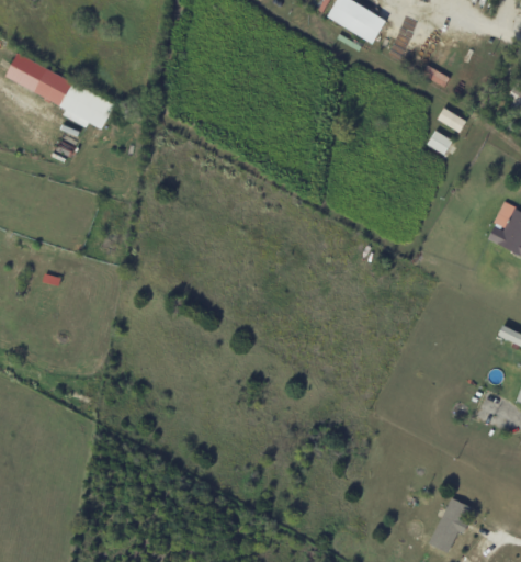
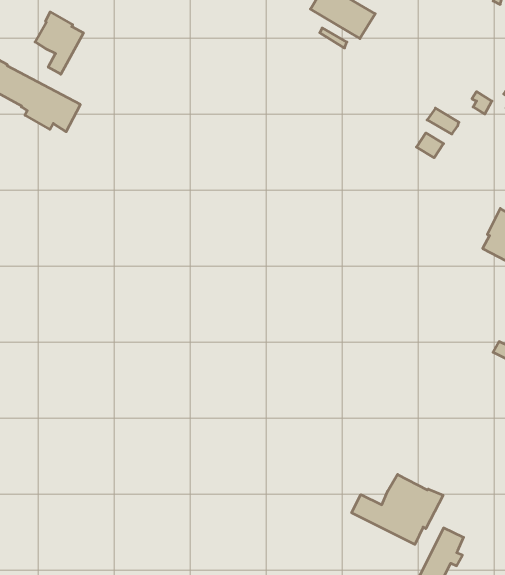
building: none -> [35,12,83,74]
building: none -> [352,474,443,544]

